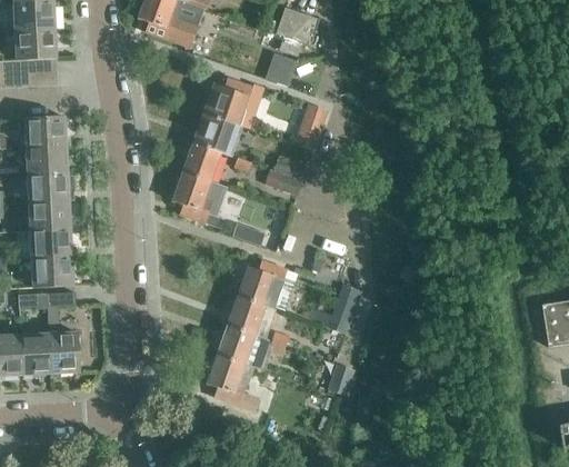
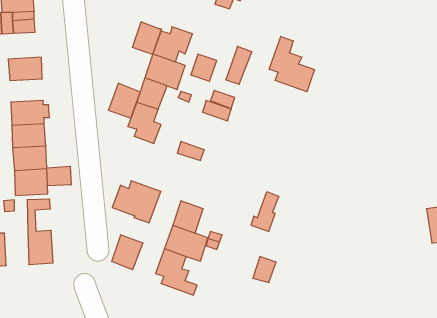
building: [264,52,297,86] -> [191,54,217,81]
building: none -> [133,22,161,55]
building: none -> [269,36,314,92]
building: [27,142,68,171] -> none
building: none -> [108,83,140,118]
building: none -> [47,166,71,186]
building: [238,260,298,312] -> [112,181,161,223]
building: [20,332,50,374] -> none
building: none -> [112,235,143,270]

